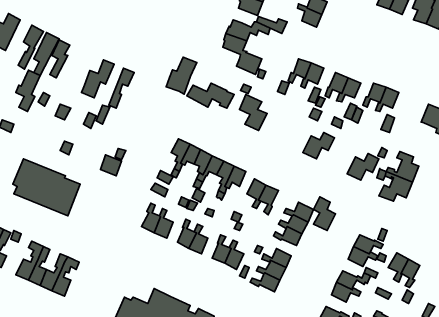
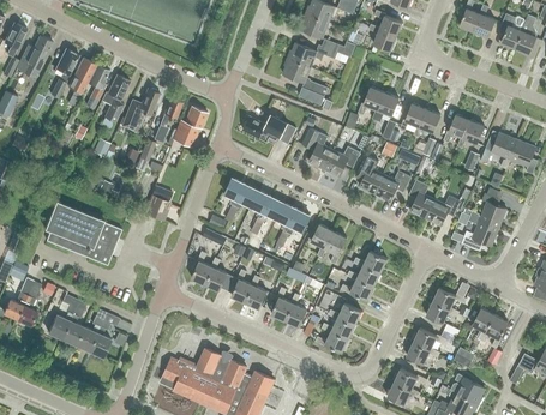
building: [166,57,197,94] -> [173,106,208,148]
building: [16,70,40,111] -> [102,74,130,121]
building: none -> [480,131,517,168]
building: none -> [324,145,360,176]
building: none -> [355,154,384,193]
building: [313,197,336,231] -> [409,179,434,217]

